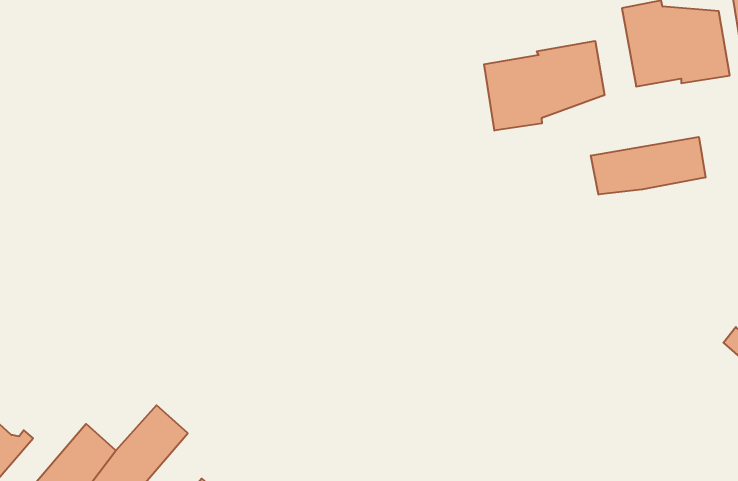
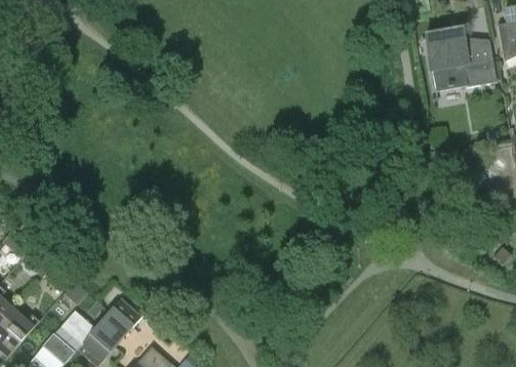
building: [484,41,604,131] -> none
building: [591,137,705,195] -> none

